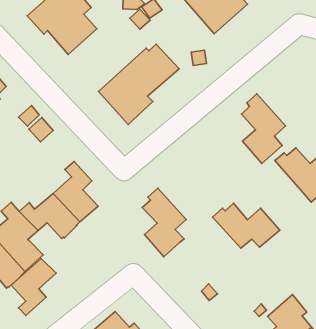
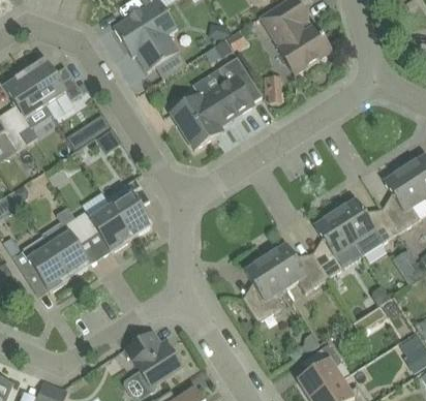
building: [241,94,285,163] -> [311,209,356,278]
building: [142,188,186,257] -> [242,254,285,322]
building: [11,258,56,315] -> none

